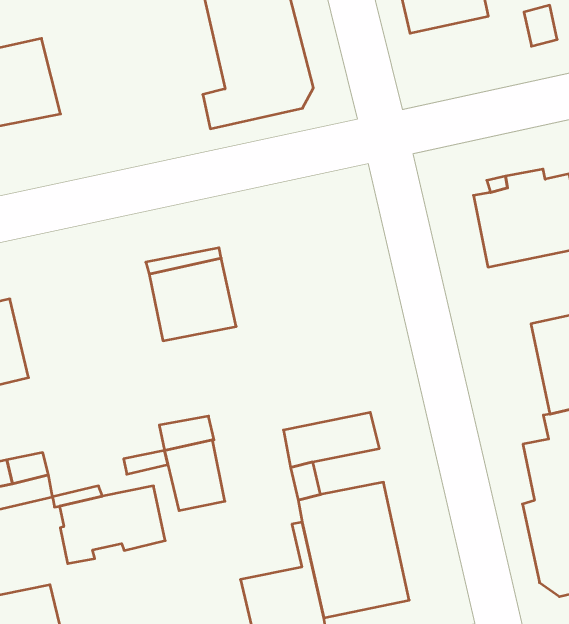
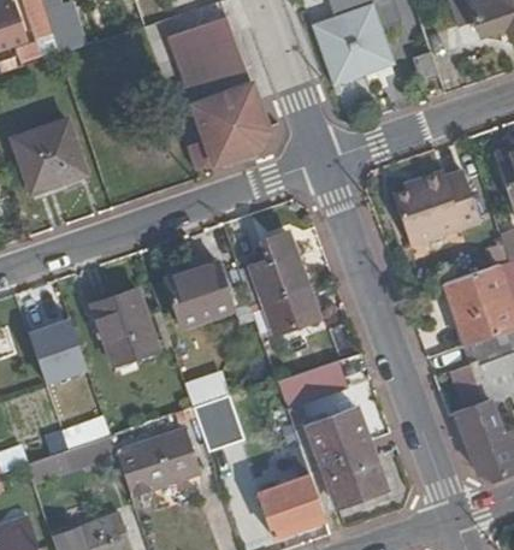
building: none -> [250,227,321,331]
building: none -> [93,290,156,365]

